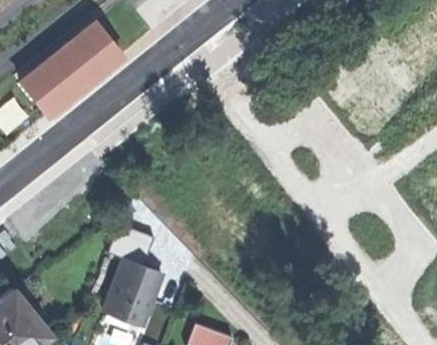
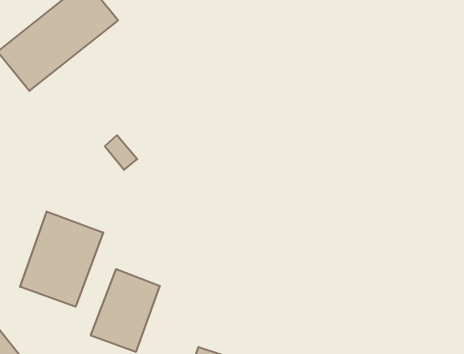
building: none -> [20,211,103,307]

